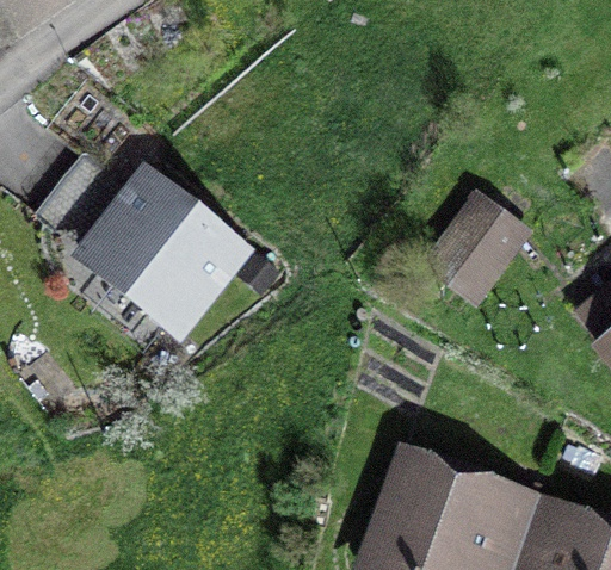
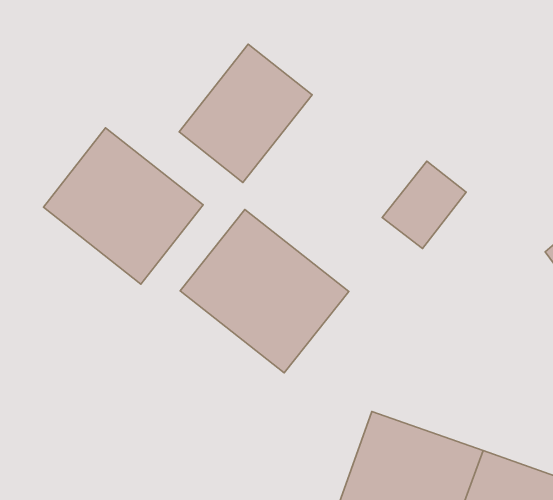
building: none -> [179,44,312,183]
building: none -> [180,210,349,373]

